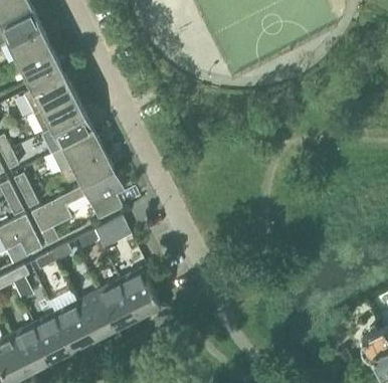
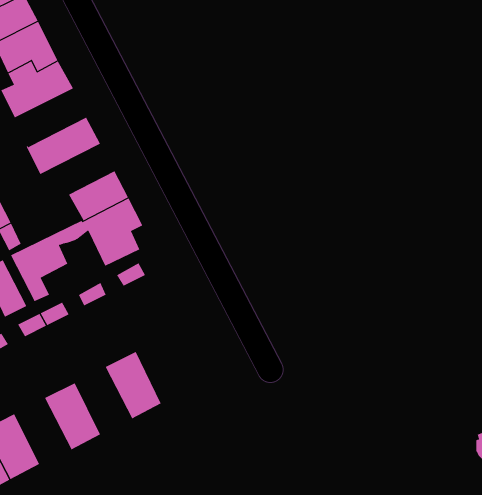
building: [32,92,83,134] -> none
building: [50,132,104,173] -> none
building: [119,268,164,317] -> none
building: [75,291,116,339] -> none
building: [32,313,72,360] -> none

